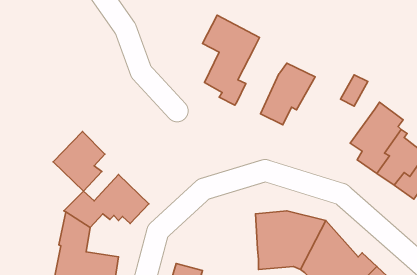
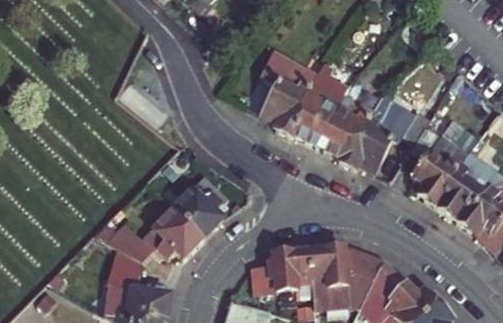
building: none -> [293,78,336,146]
building: none -> [338,108,392,172]
building: [53,132,105,191] -> [171,178,224,239]
building: none -> [271,249,315,299]

